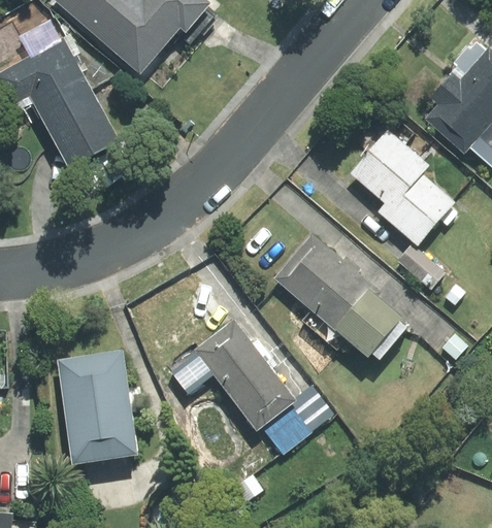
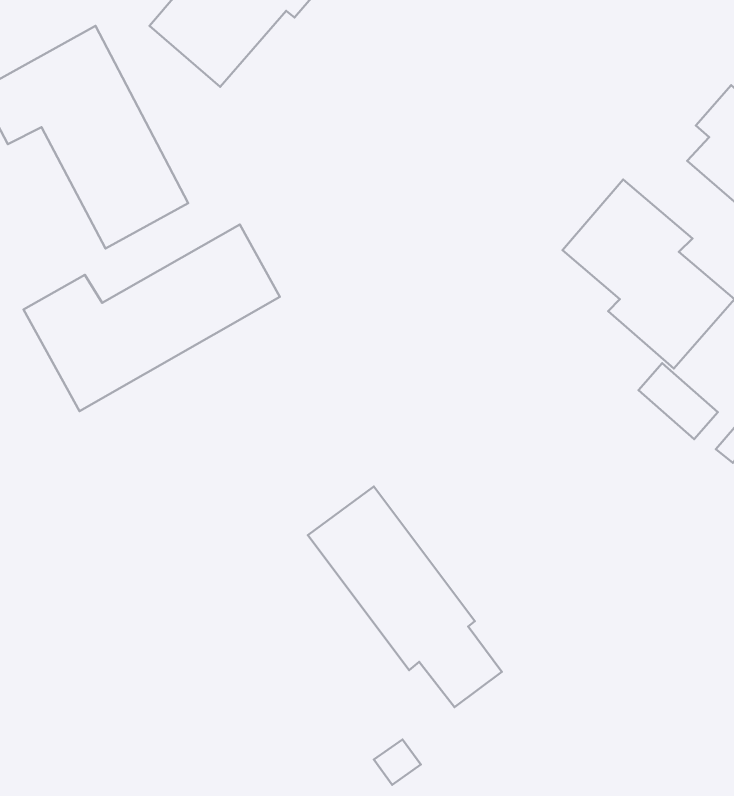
building: none -> [23,224,280,411]
building: [273,233,402,359] -> none
building: [57,351,137,466] -> none

